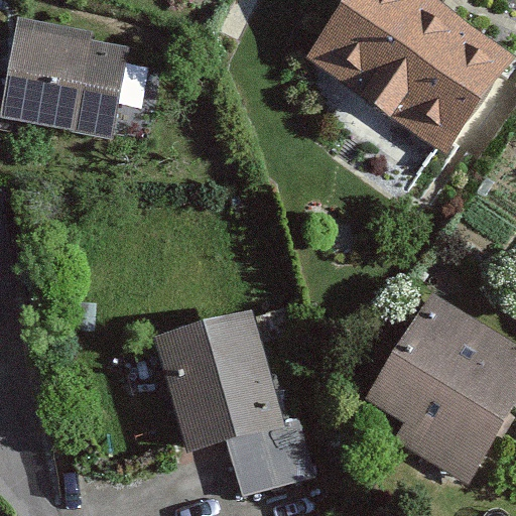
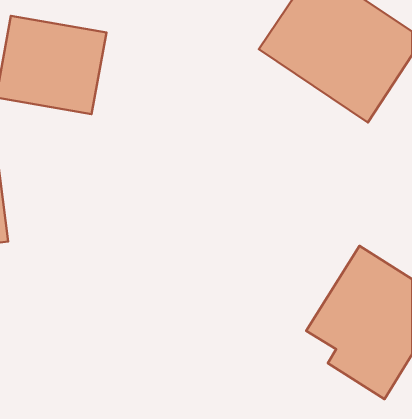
building: [148,310,312,486] -> none

